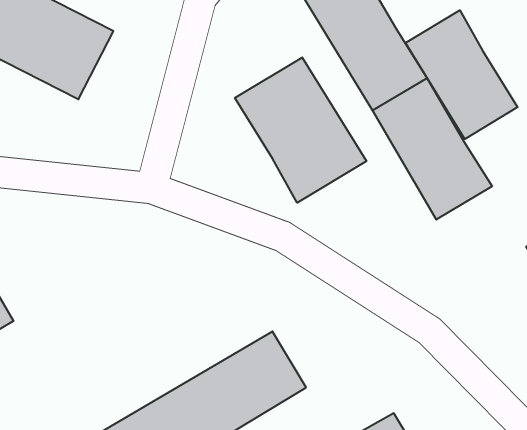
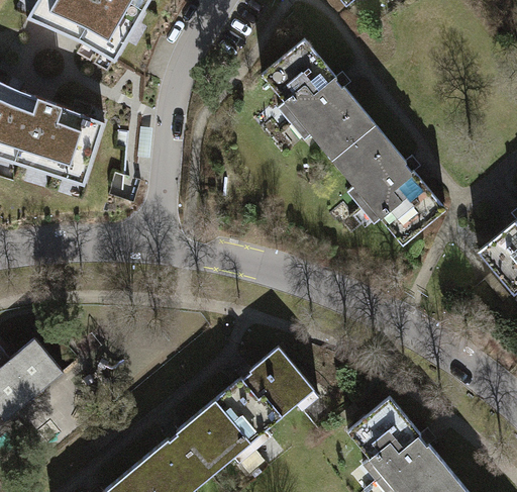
building: [406,10,518,139] -> none
building: [235,57,366,203] -> none

